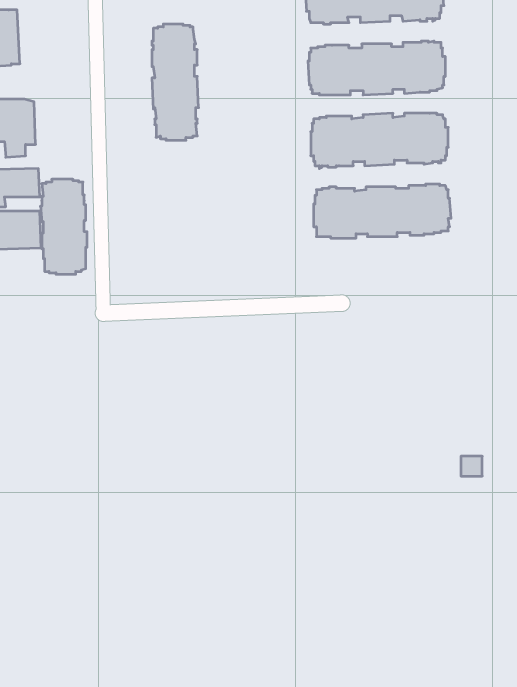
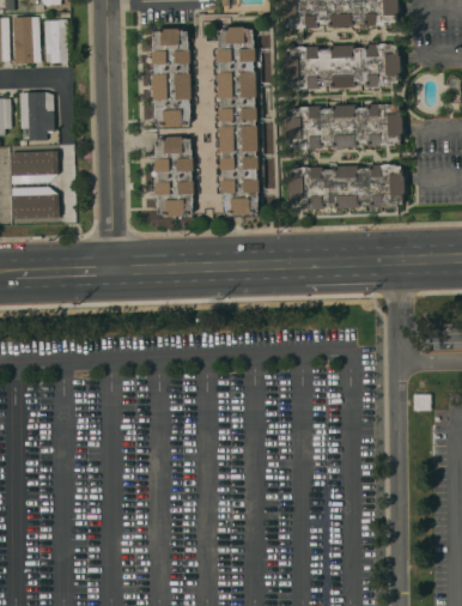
building: none -> [42,19,66,62]
building: none -> [215,26,262,217]
building: [40,179,87,274] -> [153,137,193,217]

